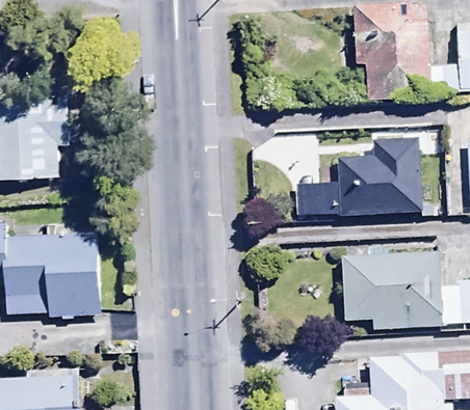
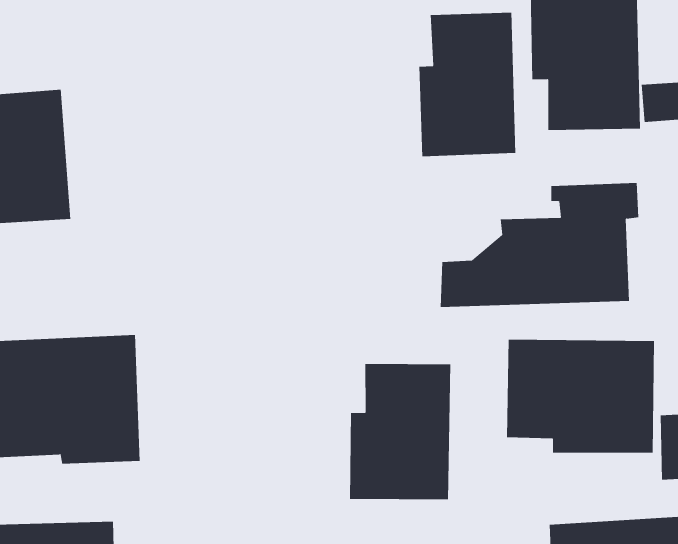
building: none -> [419,12,516,157]
building: none -> [350,363,451,500]

